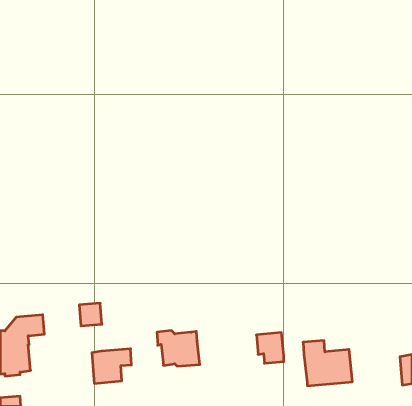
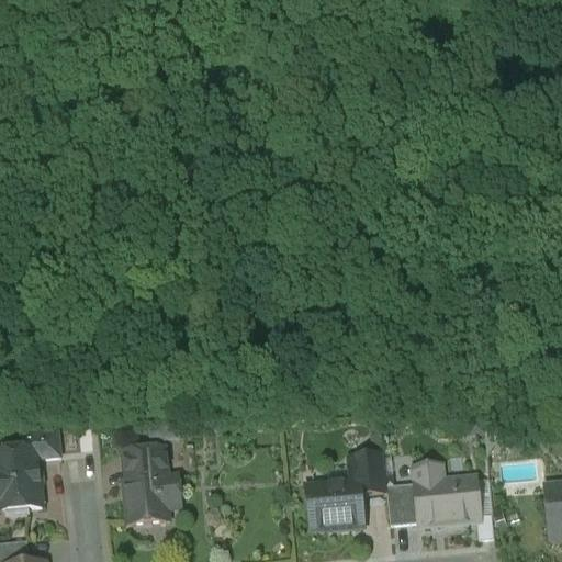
building: [79,303,102,326] -> [136,447,167,477]
building: [157,331,200,366] -> [305,480,363,528]
building: none -> [386,482,418,522]

